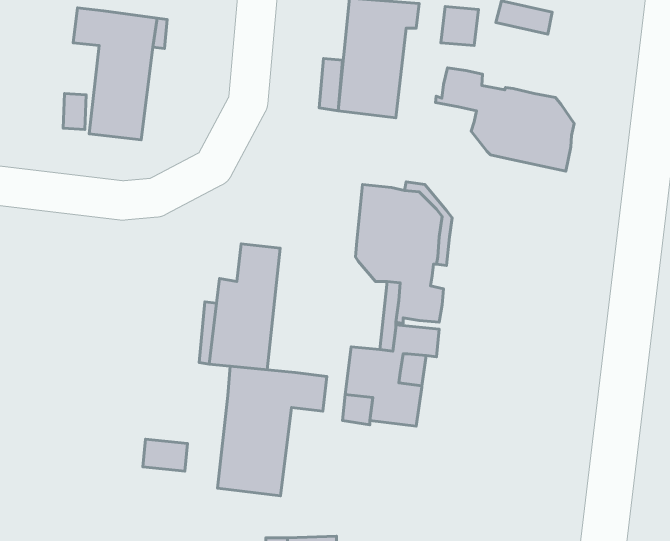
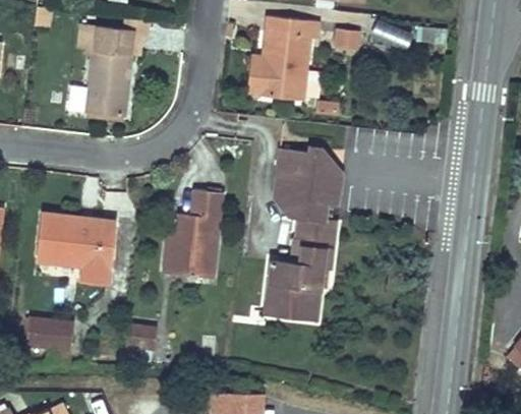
building: [436,68,574,171] -> none
building: none -> [39,216,114,283]
building: [218,366,327,496] -> none
building: none -> [30,319,71,348]

